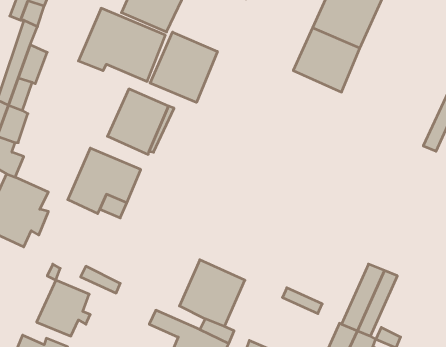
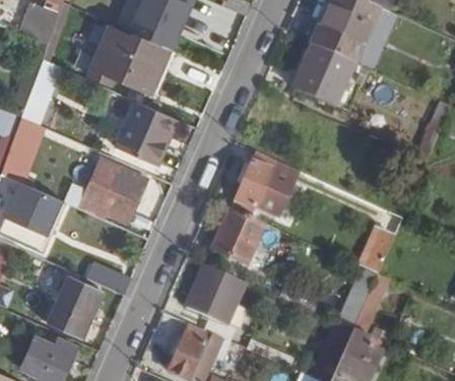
building: [150,32,217,102] -> none
building: none -> [233,150,288,213]
building: none -> [211,207,265,264]
building: none -> [356,227,394,273]

